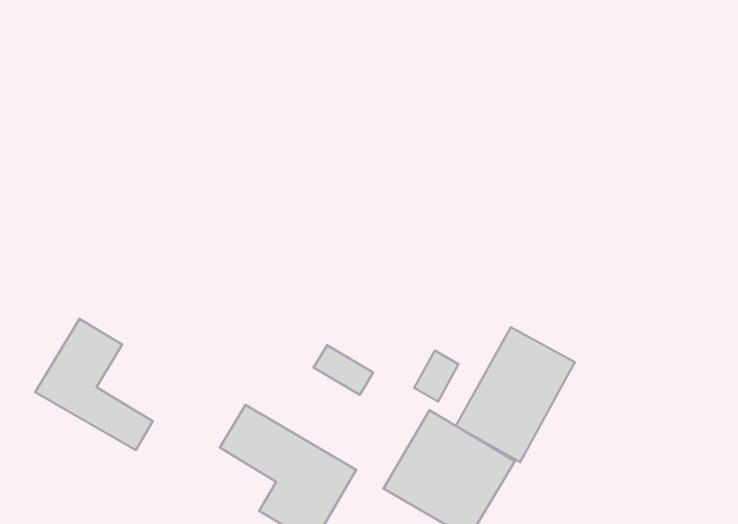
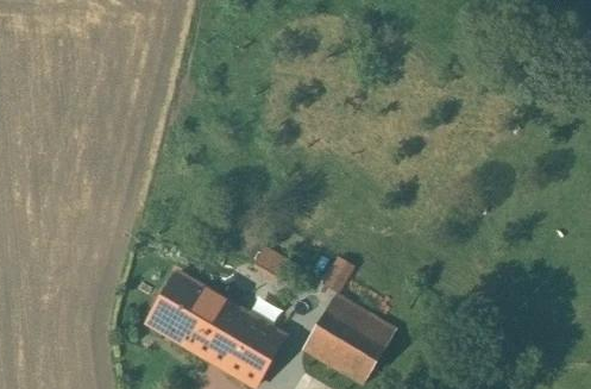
building: [35,319,153,450] -> [146,271,228,363]
building: [456,327,575,462] -> none

